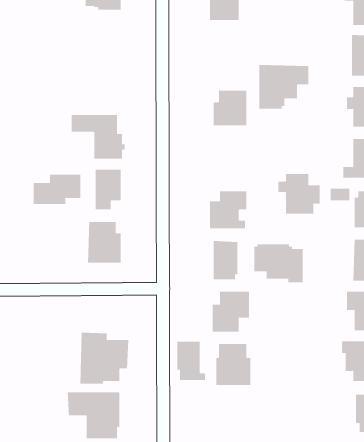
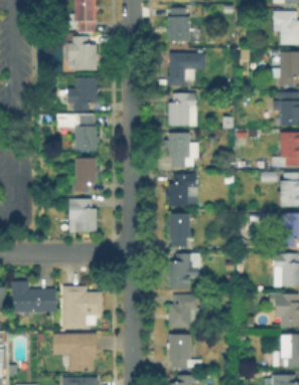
building: none -> [62,37,98,68]
building: [258,65,309,109] -> [164,52,204,87]
building: none -> [70,78,96,110]
building: [277,173,321,214] -> [164,134,198,166]
building: [33,174,81,205] -> none
building: [254,243,303,283] -> none
building: none -> [12,281,55,312]
building: [176,341,206,380] -> [170,336,193,367]

